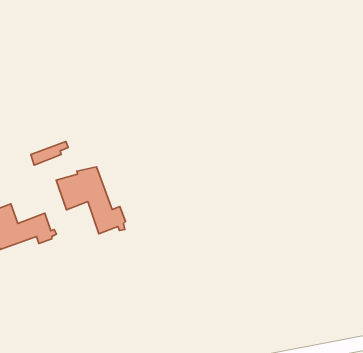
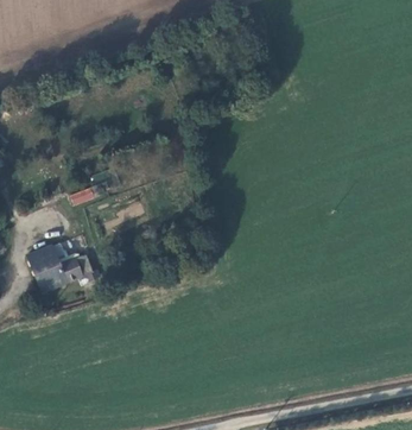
building: [56,167,125,234] -> none

